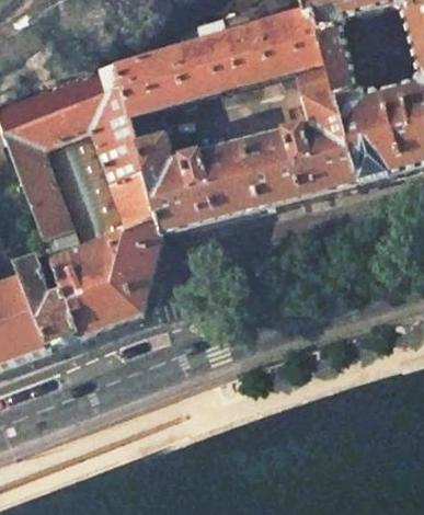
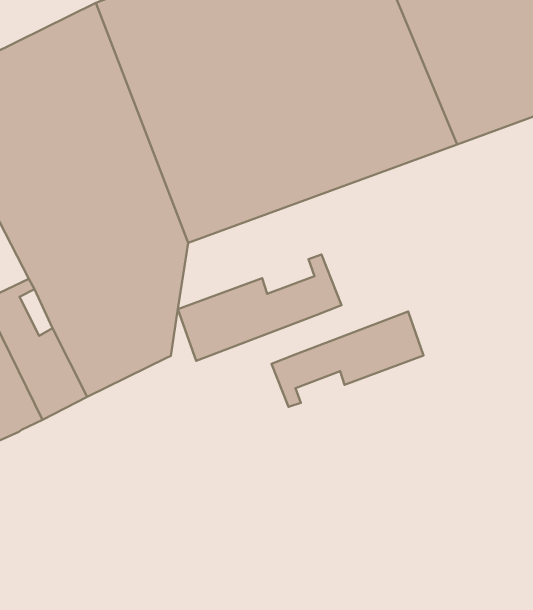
building: none -> [178,255,341,361]
building: none -> [272,312,424,407]

